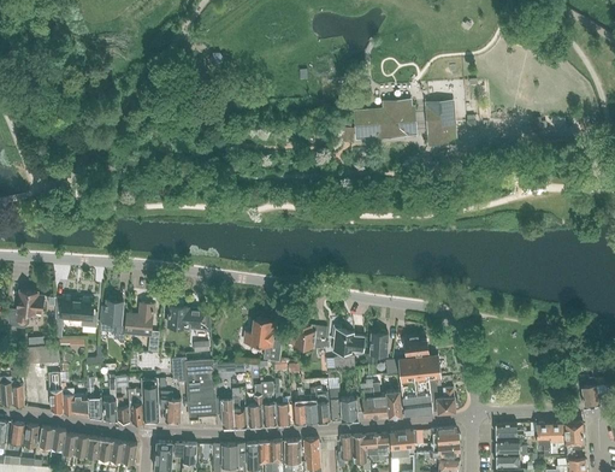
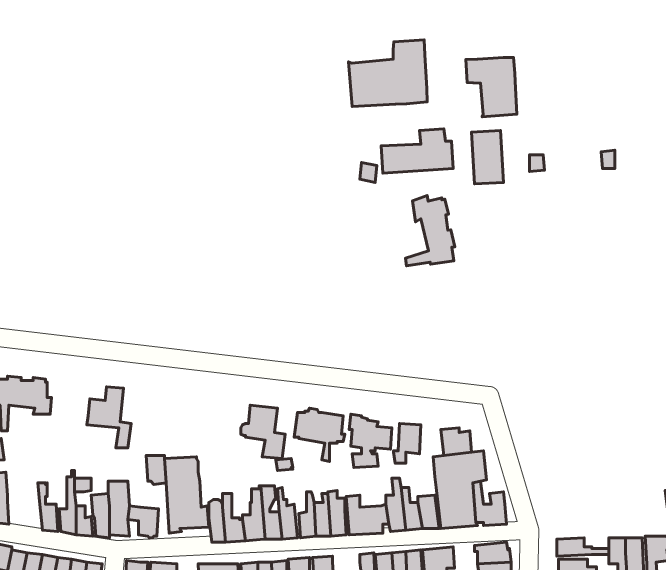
building: none -> [348,40,427,107]
building: none -> [466,57,517,117]
building: none -> [405,195,455,266]
building: [100,300,125,346] -> none
building: [167,305,209,332] -> none
building: [61,390,89,419] -> none

